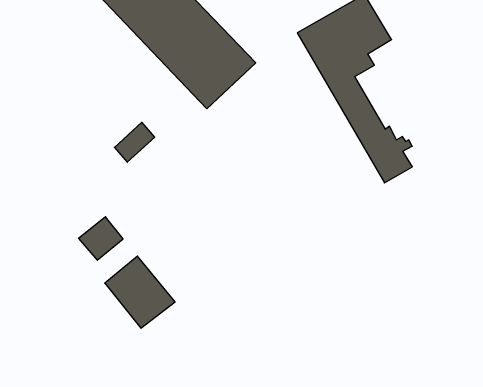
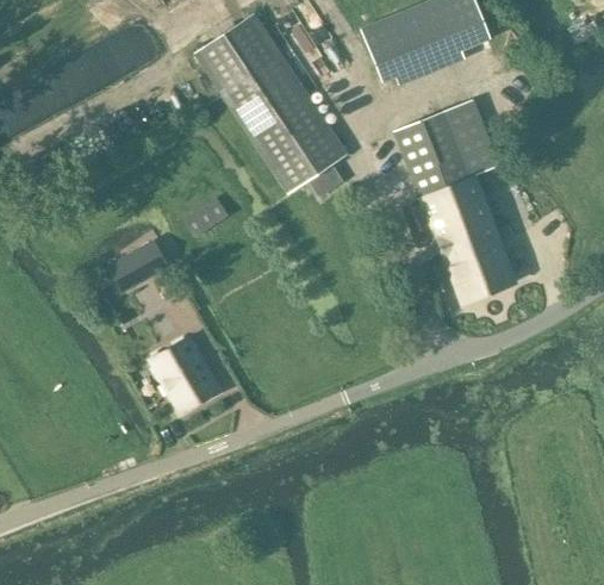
building: none -> [449,176,517,292]
building: [79,217,123,260] -> [122,242,168,286]

